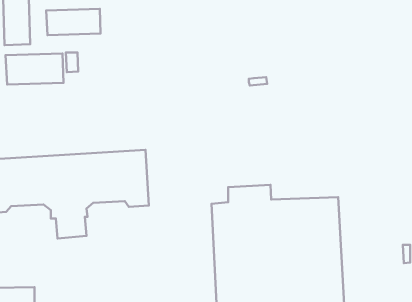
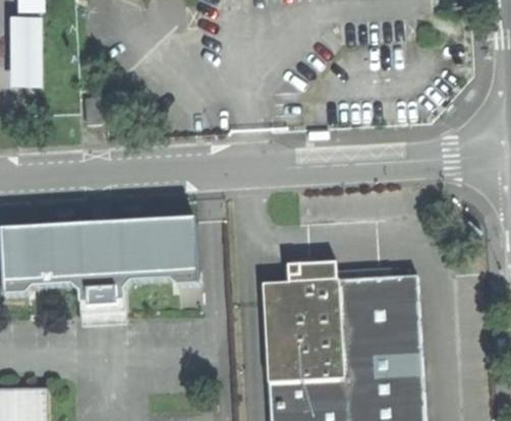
building: [46,9,100,35] -> none
building: [5,54,63,84] -> none

